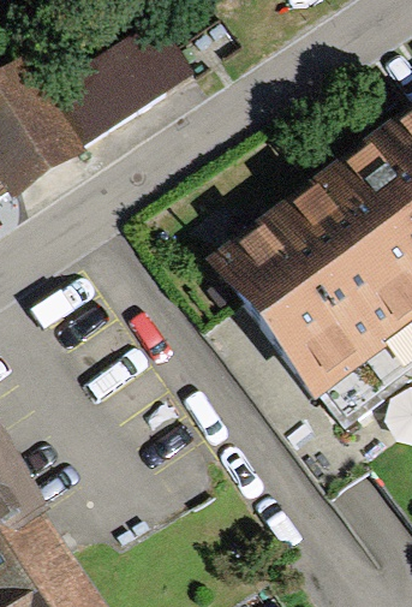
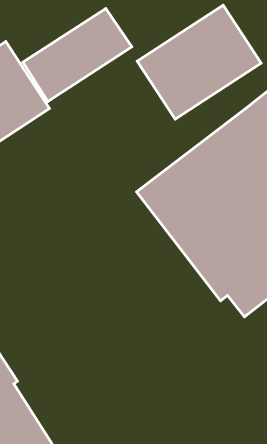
building: none -> [137,5,261,119]

